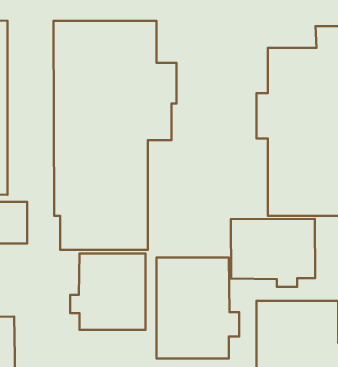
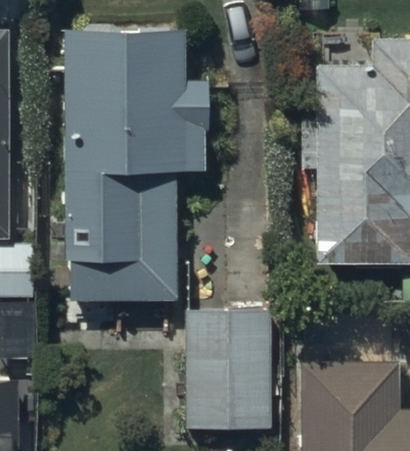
building: [231,219,315,287] -> none
building: [70,253,145,330] -> none

